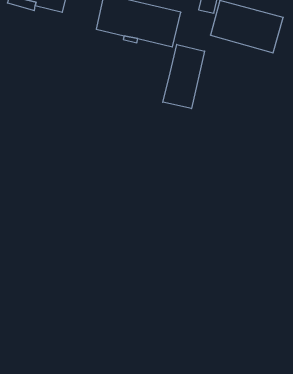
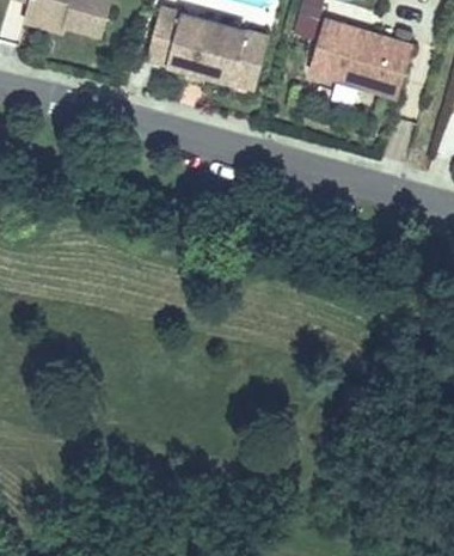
building: [163,44,205,109] -> none

